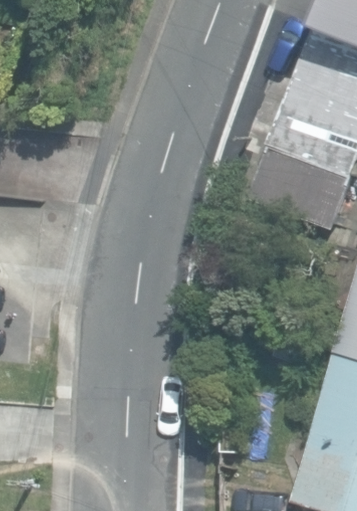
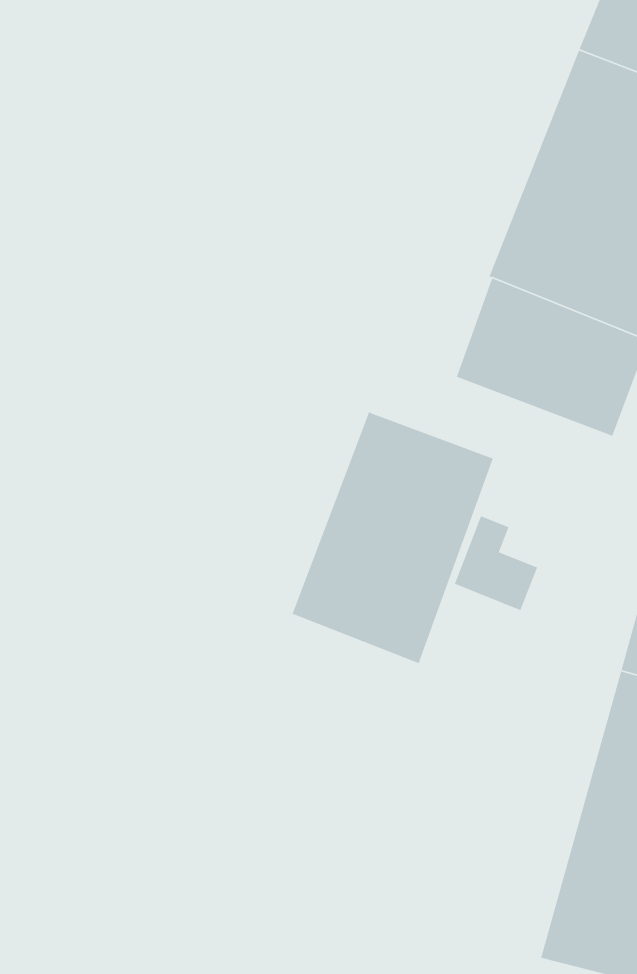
building: none -> [292,410,494,664]

